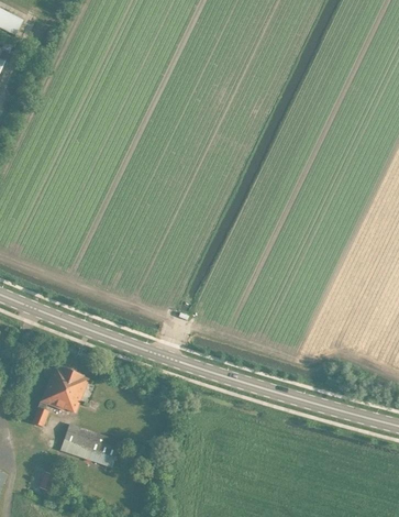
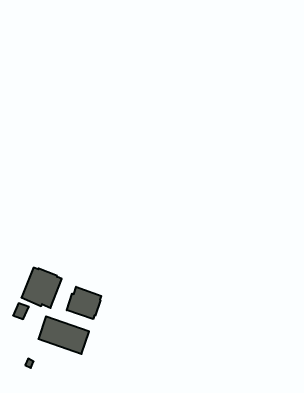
building: none -> [67,287,101,319]

